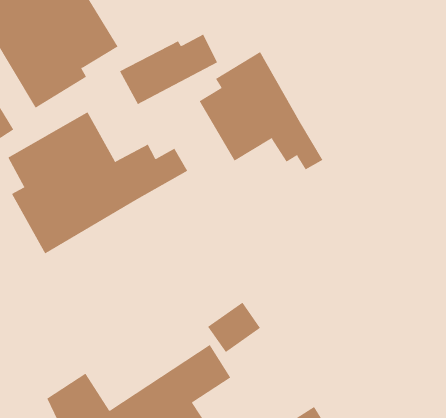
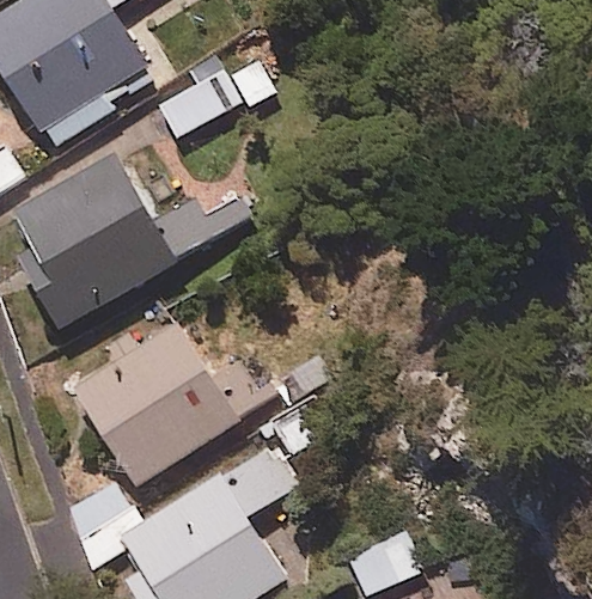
building: [199,51,323,170] -> none
building: none -> [66,313,267,489]

